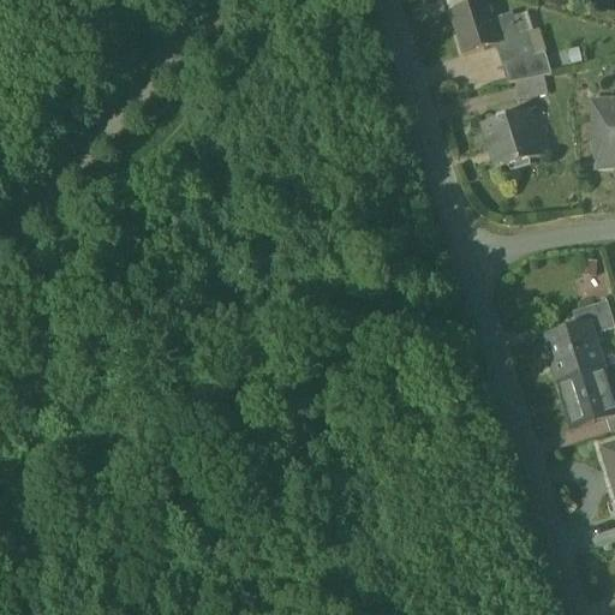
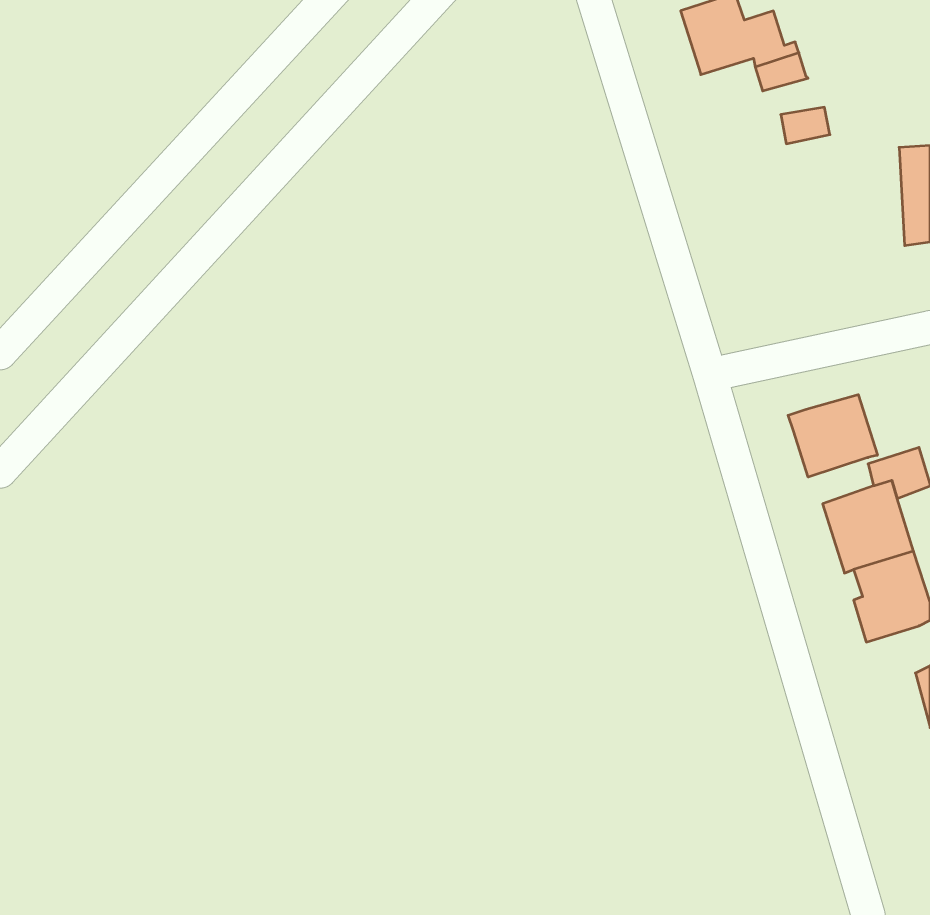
building: [503,47,551,77] -> none
building: [483,107,539,165] -> none
building: none -> [788,395,877,477]

